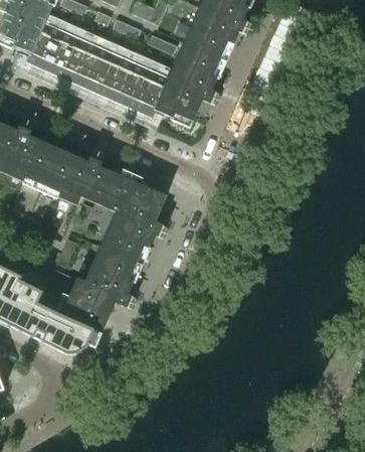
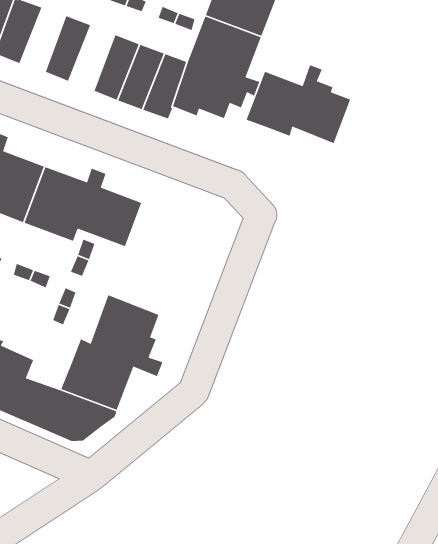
building: [44,29,80,78] -> none
building: [79,44,116,94] -> none
building: none -> [245,64,351,144]
building: [100,178,169,262] -> none
building: [36,283,69,313] -> none

